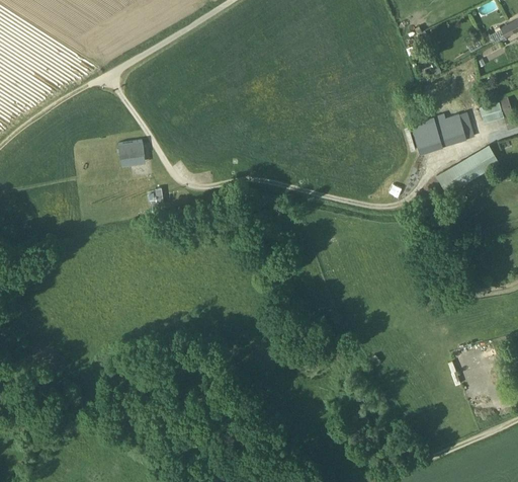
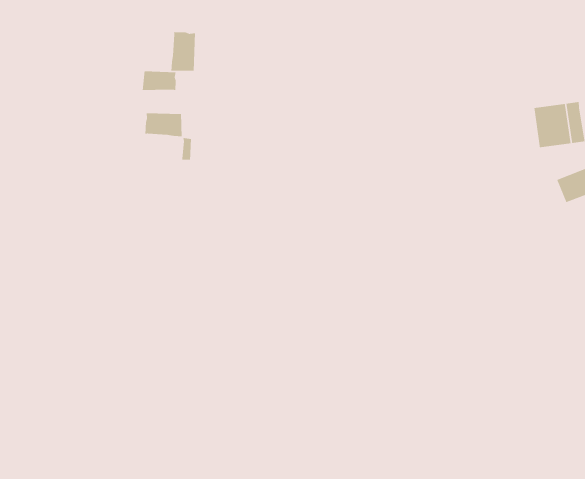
building: none -> [170,31,196,72]
building: none -> [145,112,182,137]

